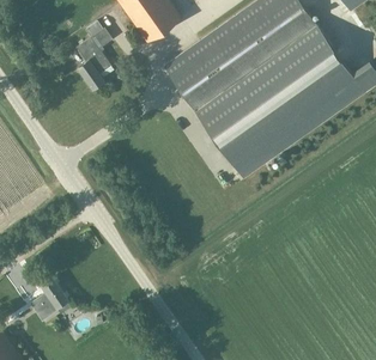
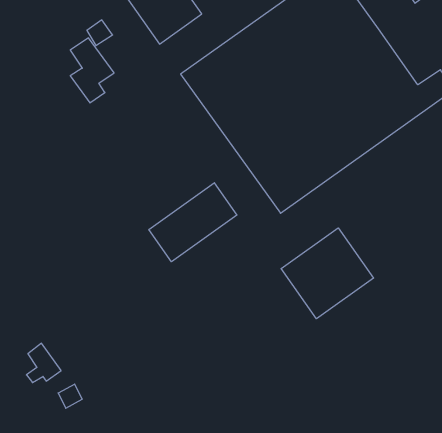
building: none -> [149,183,237,262]
building: none -> [281,228,374,319]

